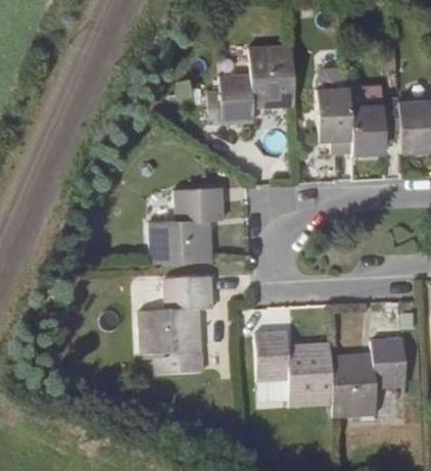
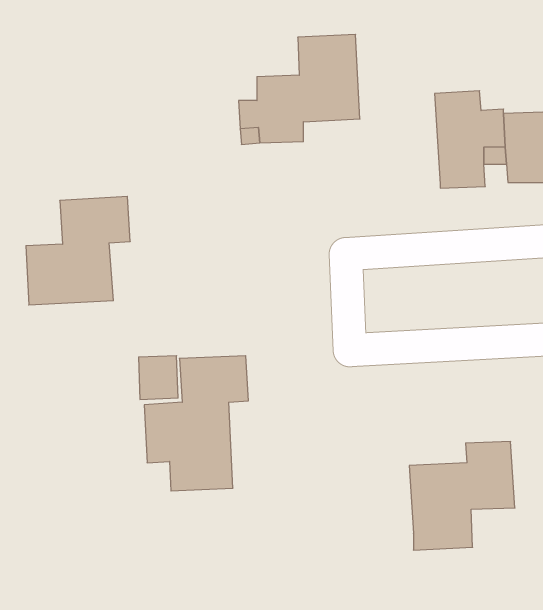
building: [315,67,352,153] -> none
building: [149,187,225,266] -> [26,196,130,305]
building: [255,332,333,408] -> none

